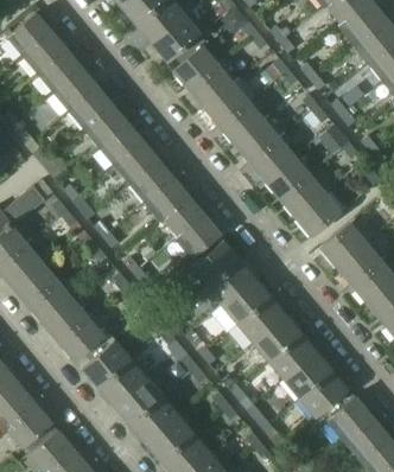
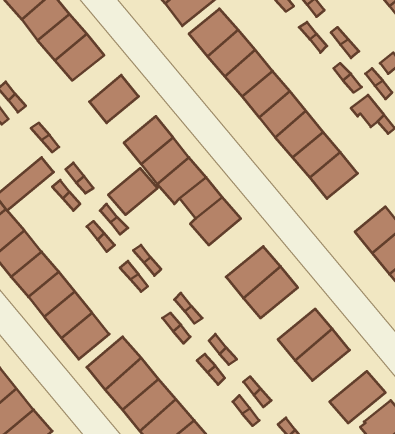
building: [69,88,113,129] -> none
building: [100,125,144,166] -> [108,168,157,215]
building: [297,193,339,235] -> none
building: [191,238,240,286] -> none
building: [237,295,286,342] -> none
building: [284,351,332,397] -> none

